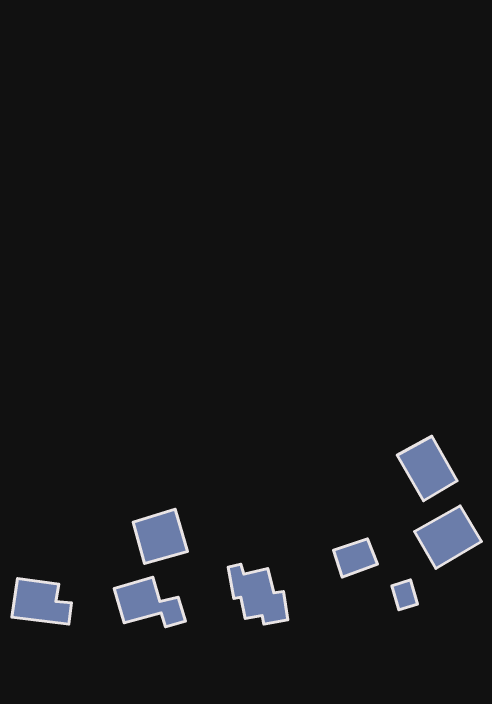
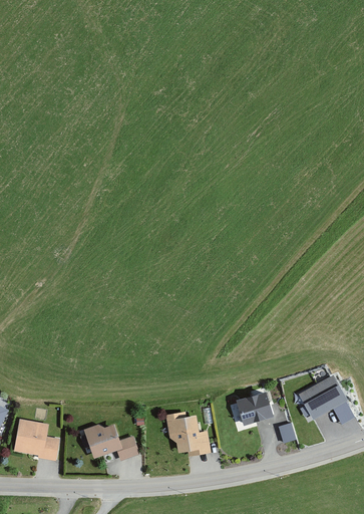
building: [397,436,457,501] -> none
building: [133,509,188,563] -> none

